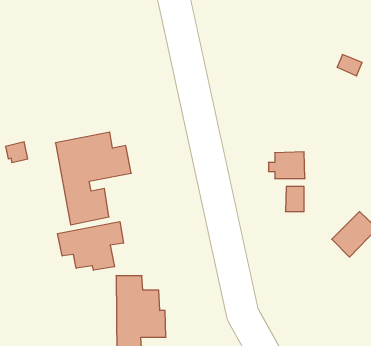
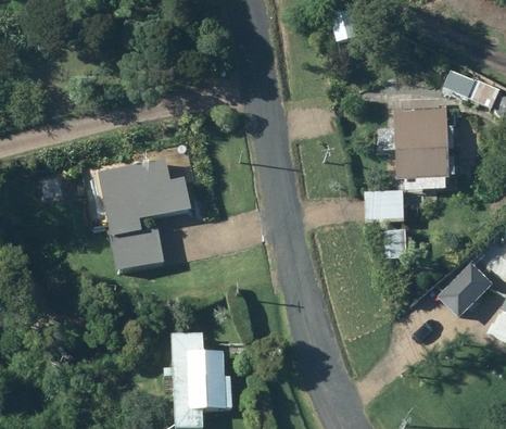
building: none -> [392,96,446,175]
building: [58,222,123,270] -> none

